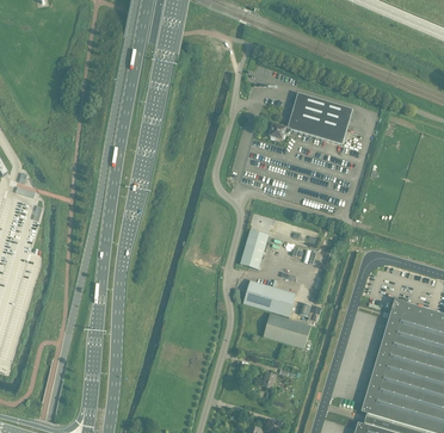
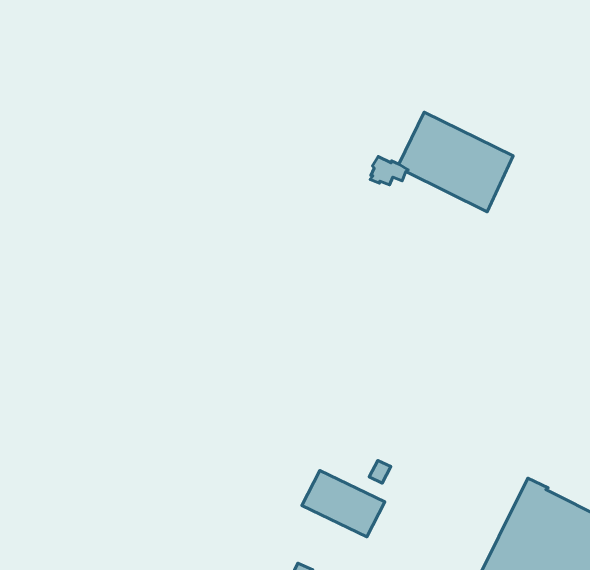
building: [241,229,270,268] -> none
building: [245,279,298,317] -> none

